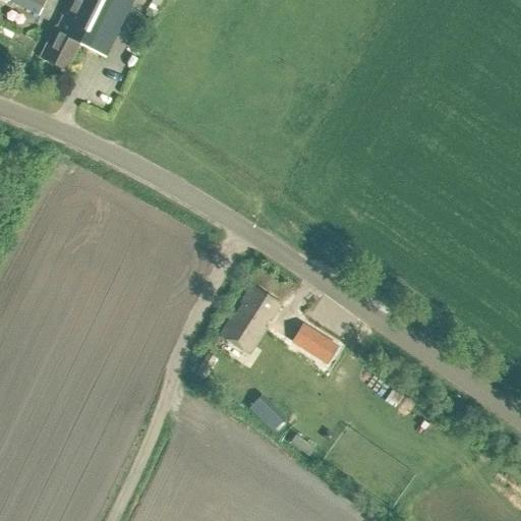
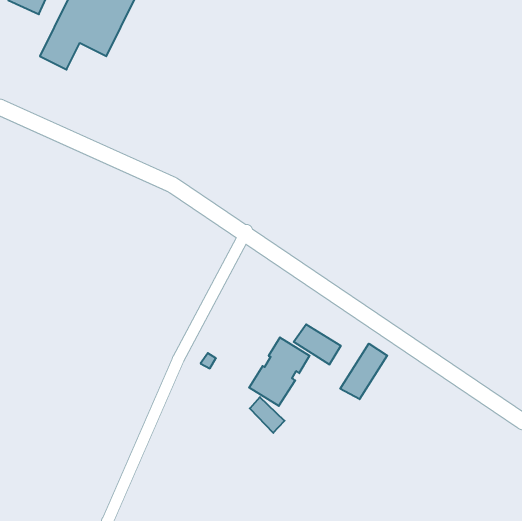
building: [221,284,281,352] -> [249,337,310,406]
building: none -> [340,344,387,399]

